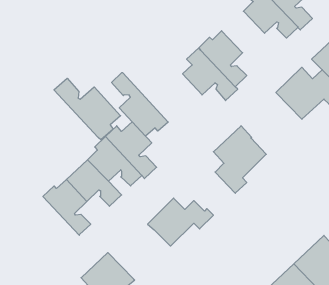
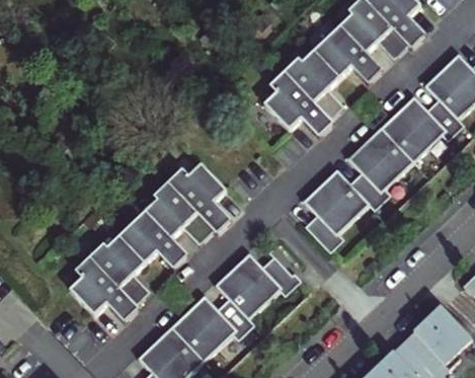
building: none -> [313,25,383,84]
building: [112,73,168,136] -> none
building: [54,78,121,140] -> none
building: none -> [347,127,413,211]
building: none -> [69,256,139,322]
building: none -> [171,295,255,360]

